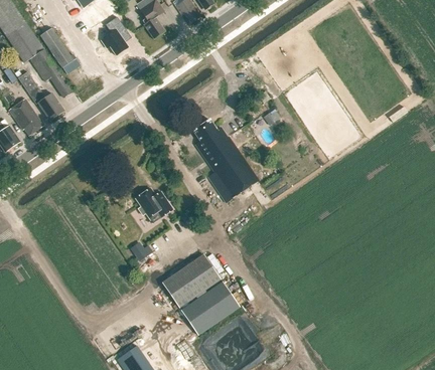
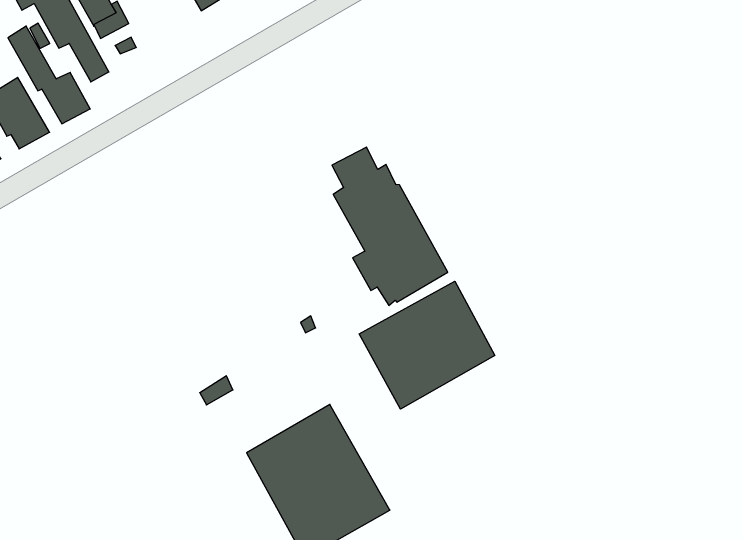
building: none -> [359,281,495,409]
building: [136,187,173,217] -> none

